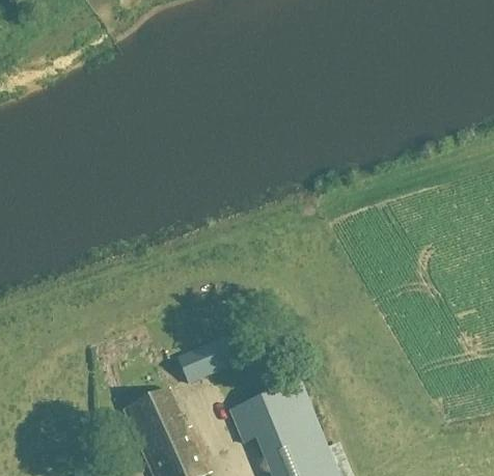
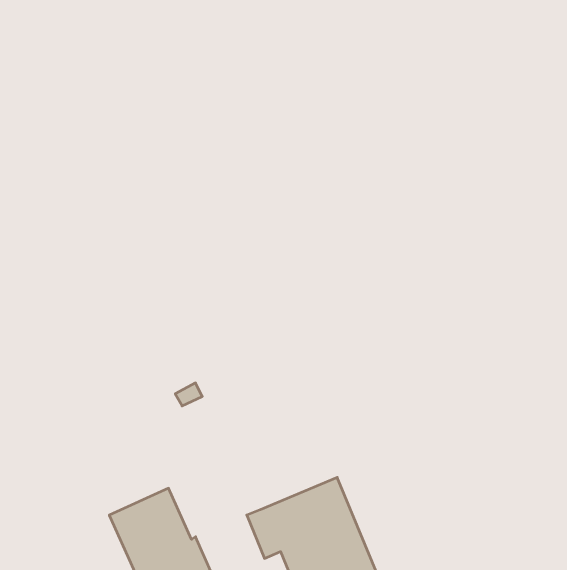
building: [179,337,242,385] -> none

